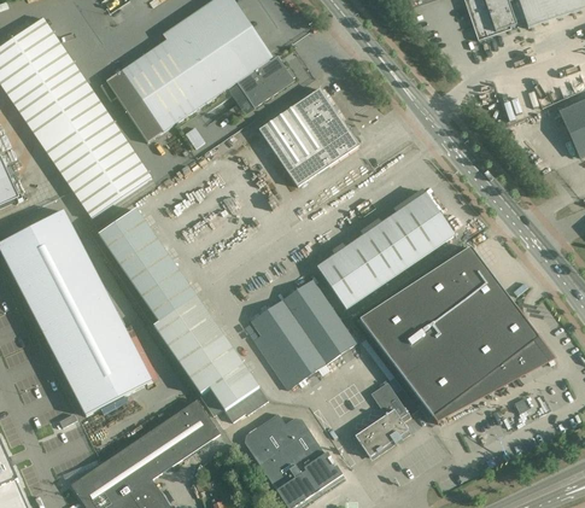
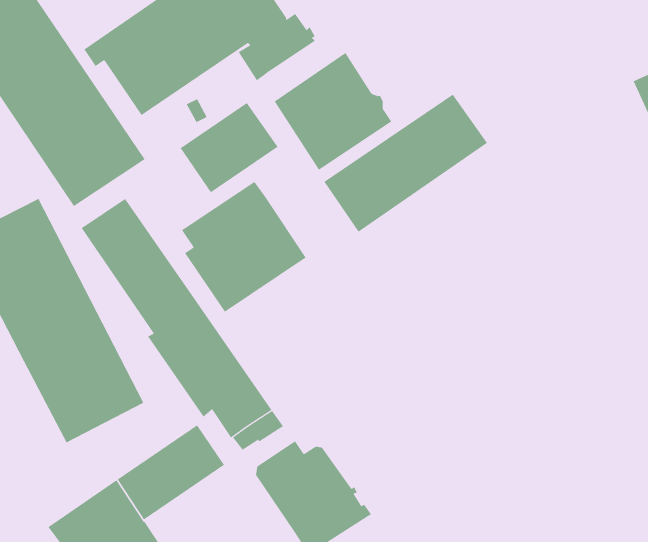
building: none -> [180,102,279,193]
building: [317,193,455,309] -> [324,94,488,232]
building: [359,247,542,424] -> none
building: [251,280,356,390] -> [181,181,307,312]
building: [353,378,410,456] -> none

